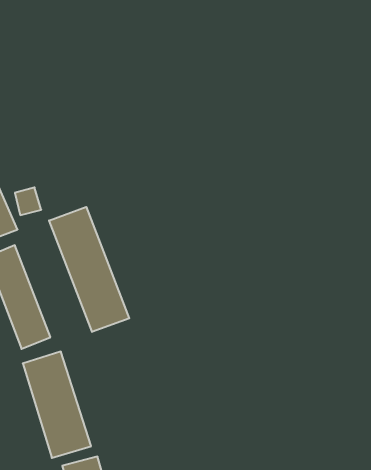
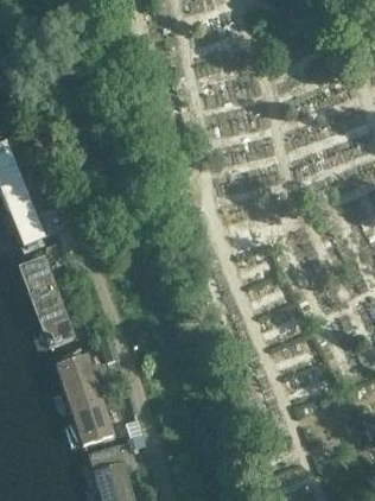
building: [49,207,129,332] -> none

